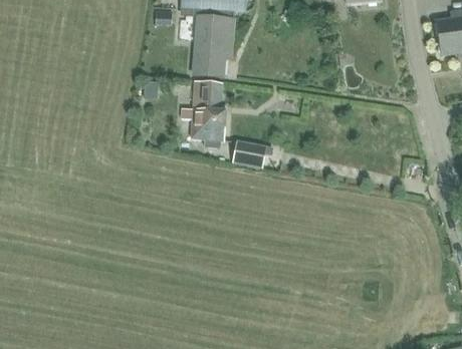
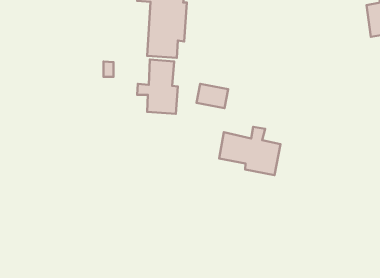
building: [232,141,267,168] -> [197,84,228,108]
building: none -> [219,127,281,175]

